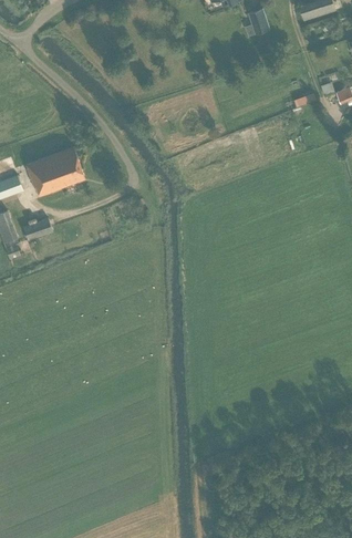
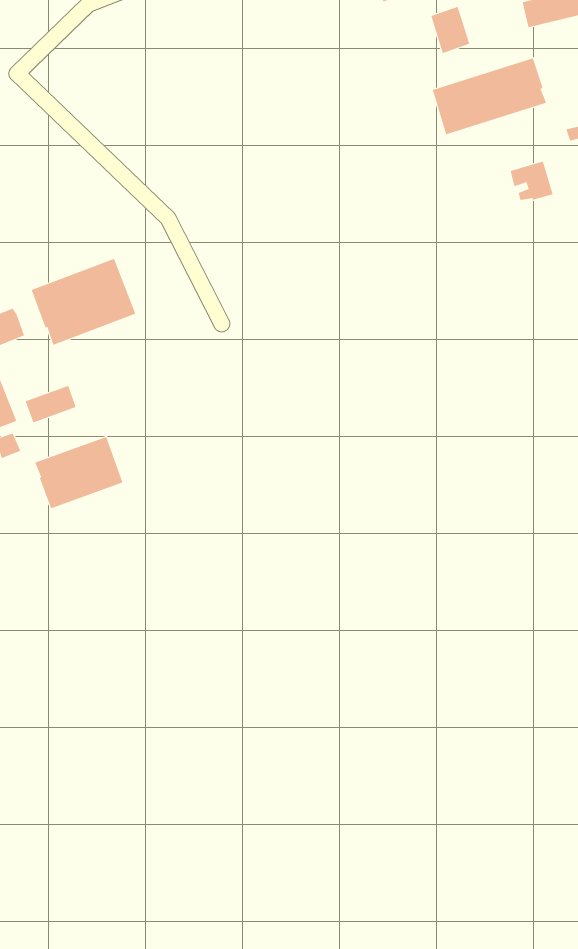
building: none -> [432,58,547,135]
building: none -> [34,436,123,509]

